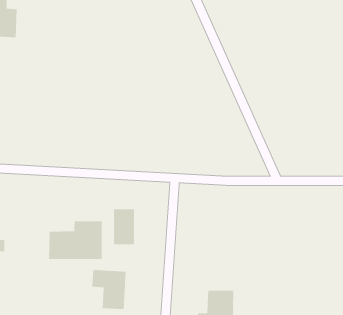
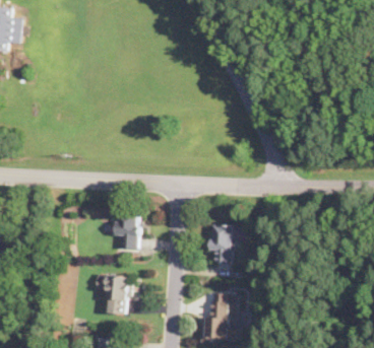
building: none -> [212,225,238,264]
building: [48,220,102,260] -> none

